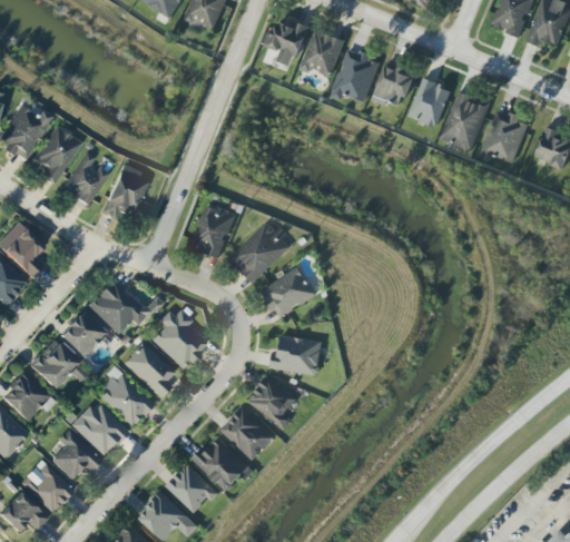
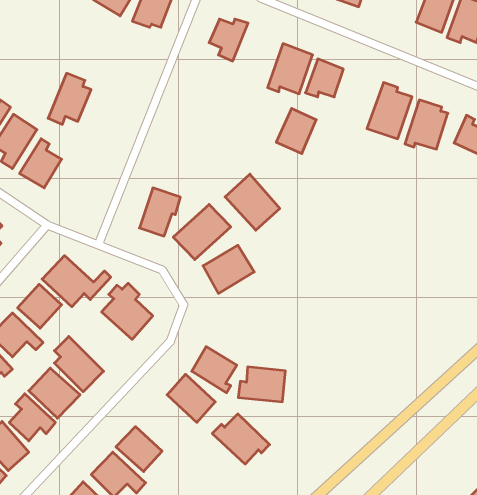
building: [299,29,345,77] -> none
building: [407,78,451,127] -> [276,108,316,154]
building: [100,164,147,219] -> [48,73,91,124]
building: none -> [225,174,280,230]
building: [271,336,322,374] -> [238,367,285,402]
building: [122,341,177,394] -> none
building: [191,437,254,492] -> [212,414,270,464]

